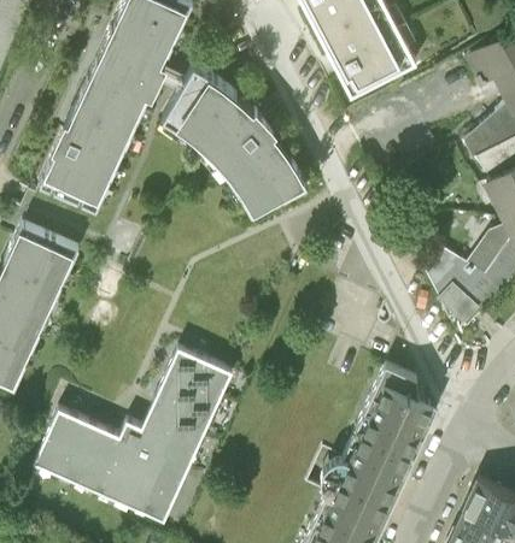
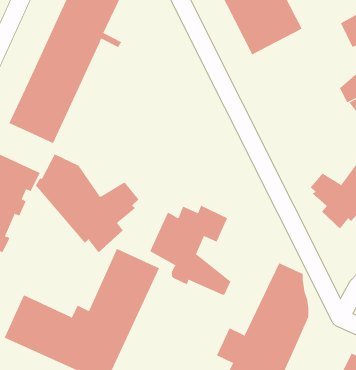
building: [163,65,308,216] -> none
building: none -> [35,153,139,253]
building: none -> [150,205,231,296]

